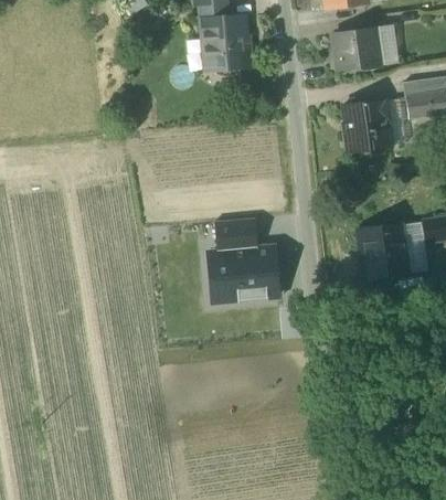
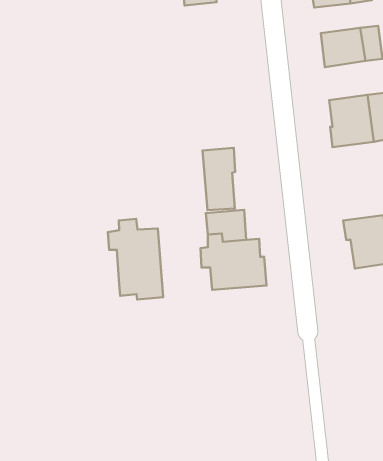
building: [201,17,251,71] -> none
building: none -> [202,148,235,210]
building: none -> [108,219,163,299]

